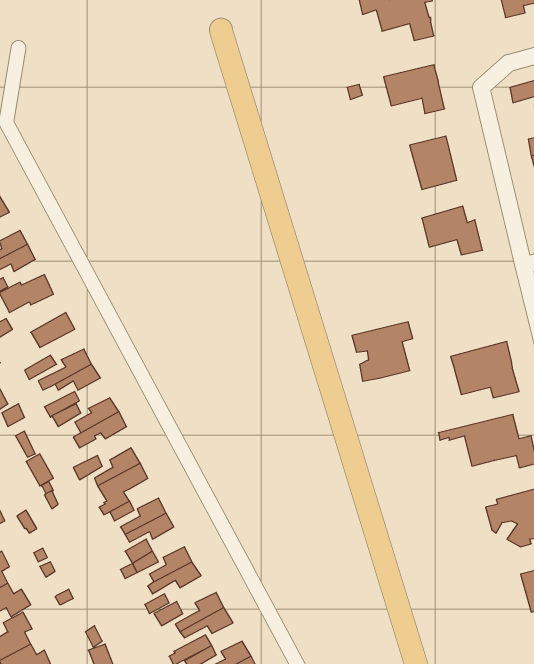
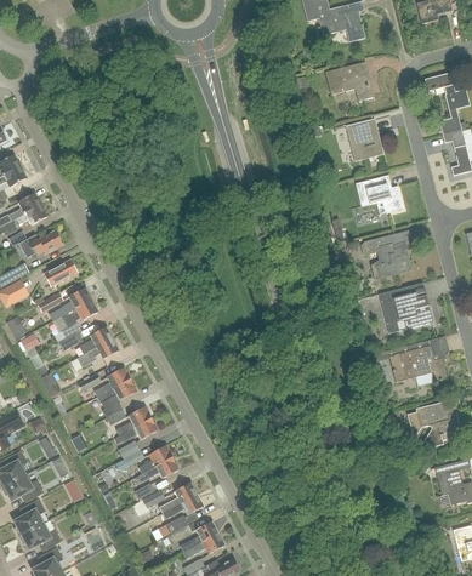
building: [352,322,413,381] -> [364,229,413,276]

